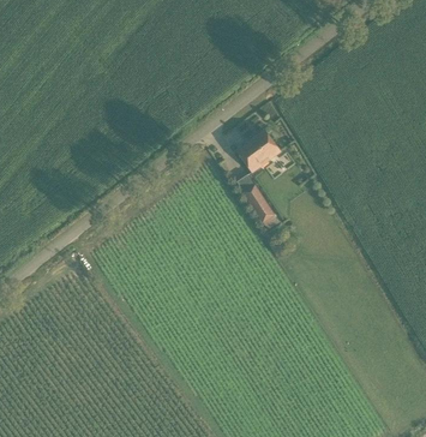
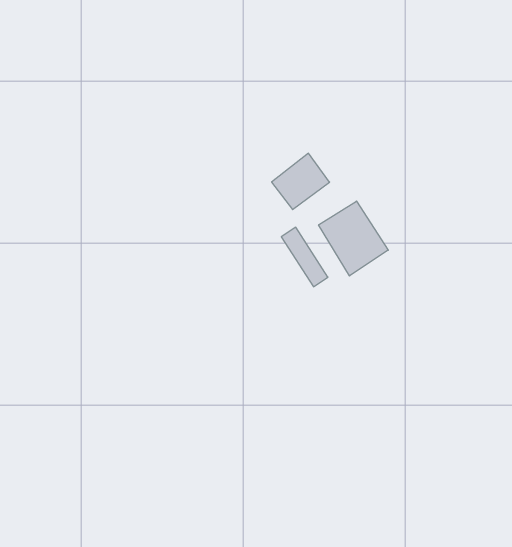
building: none -> [319,201,388,276]

